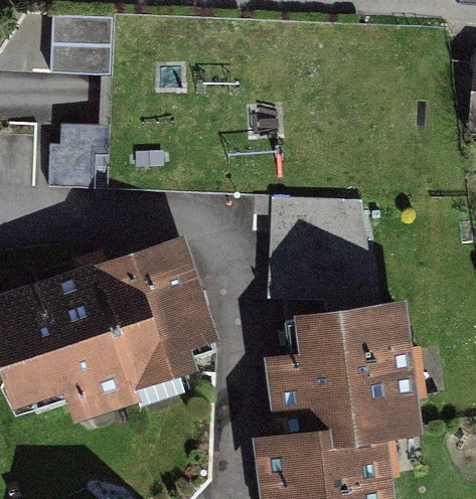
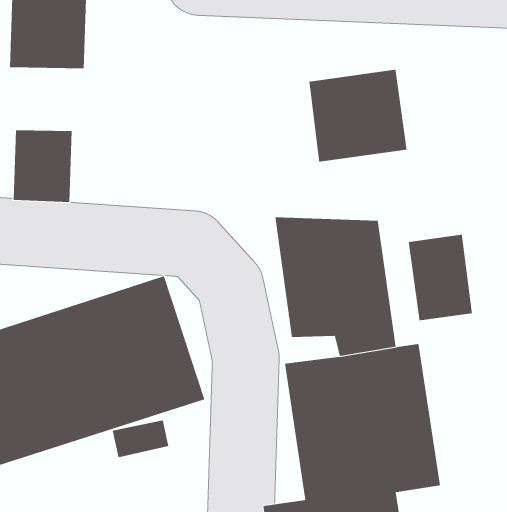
building: none -> [309,69,407,162]
building: none -> [408,234,472,321]

